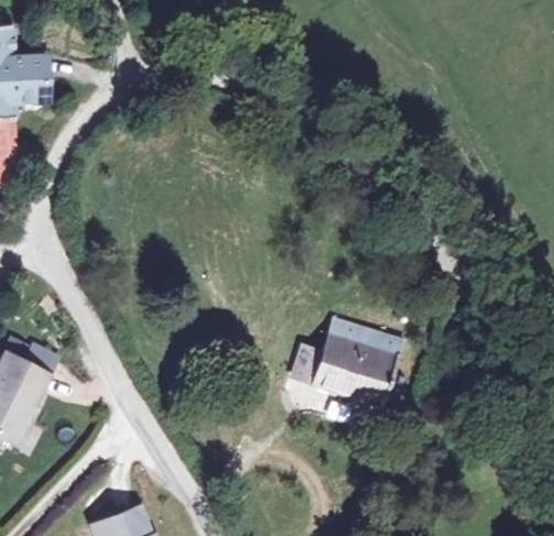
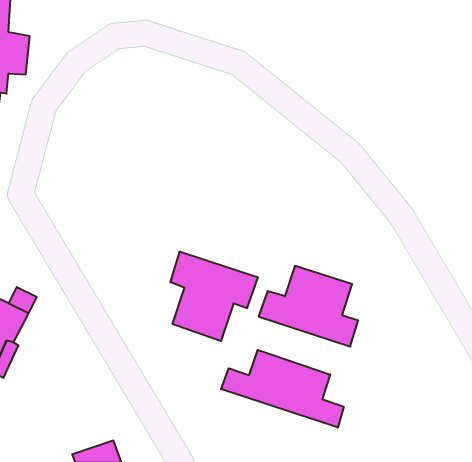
building: none -> [170,251,258,341]
building: none -> [221,350,344,428]

